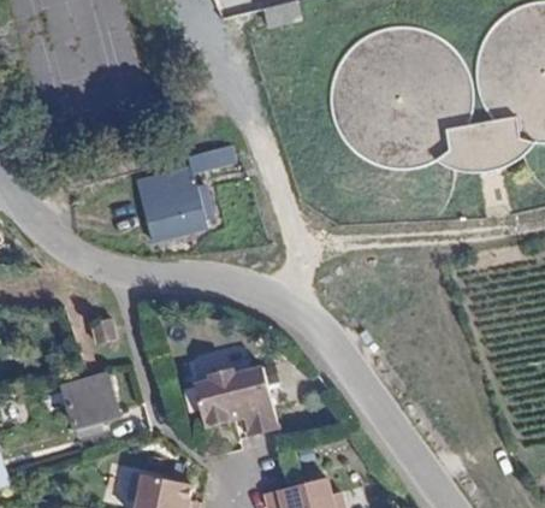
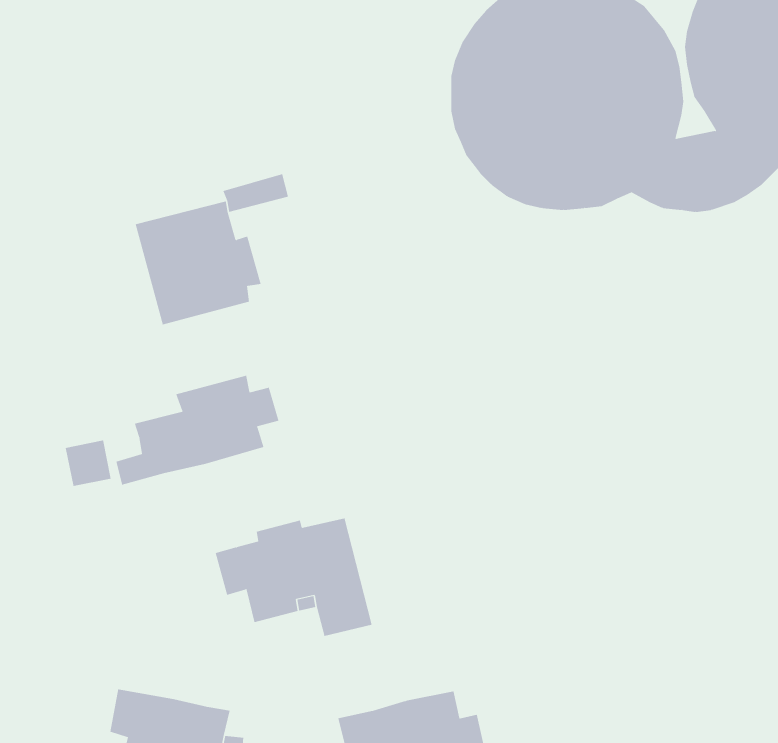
building: none -> [116,375,279,486]
building: [67,368,119,426] -> none

